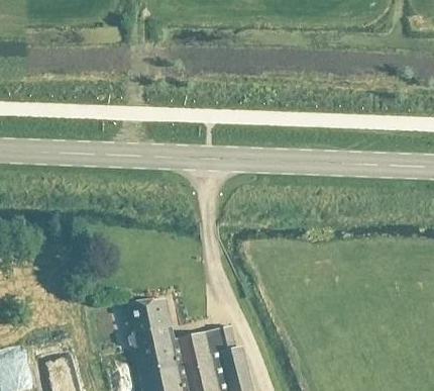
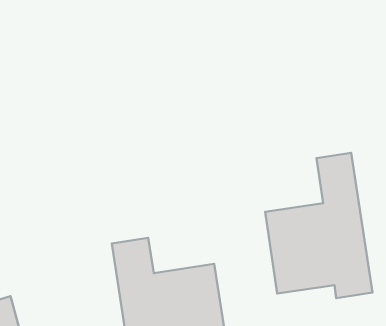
building: none -> [265,153,373,298]

